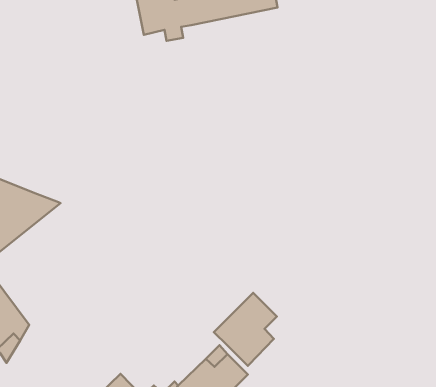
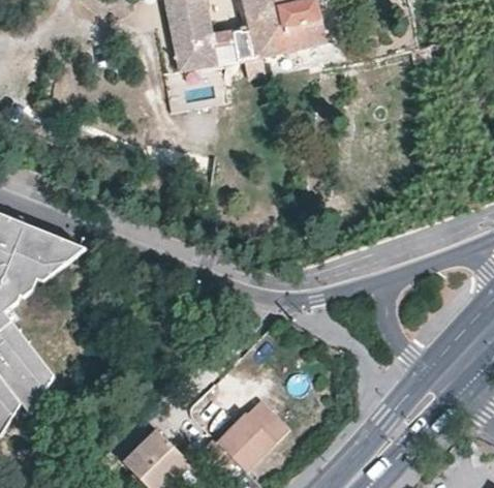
building: [214,293,277,366] -> none

